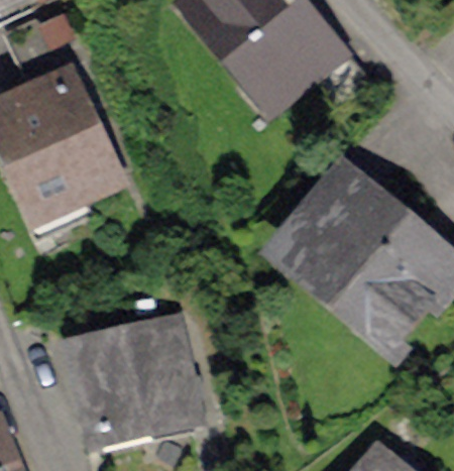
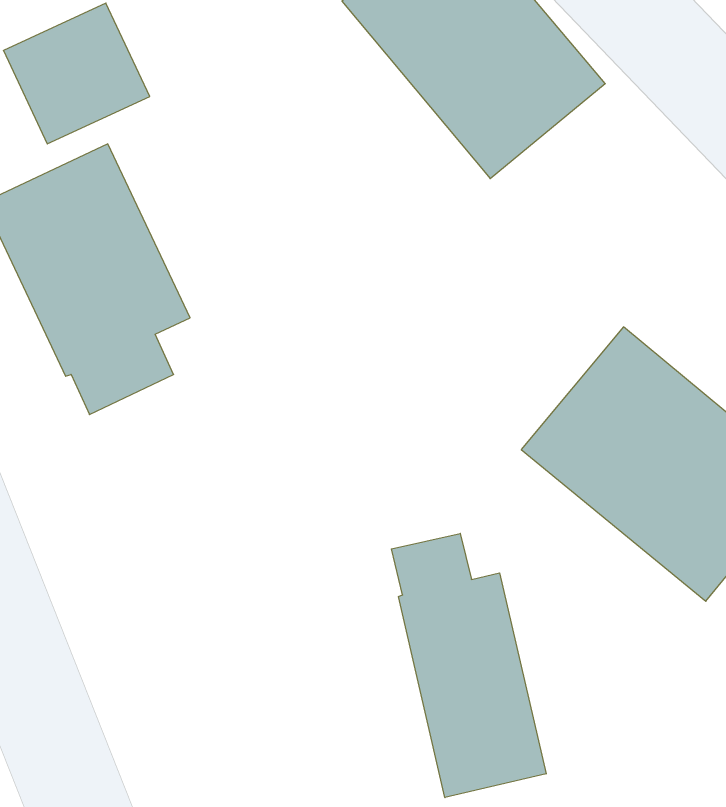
building: none -> [391,533,546,798]
building: [74,322,196,430] -> none

